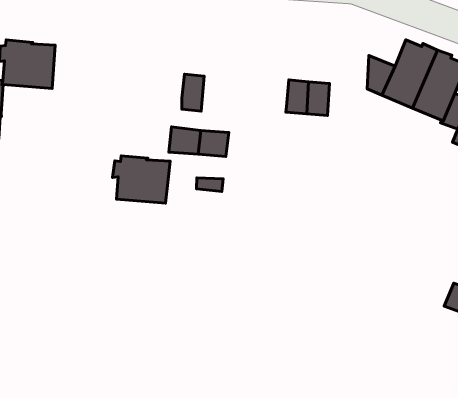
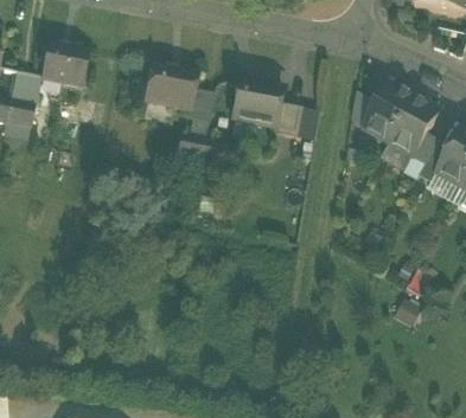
building: none -> [229,81,281,136]
building: [113,156,170,203] -> [142,63,193,108]

